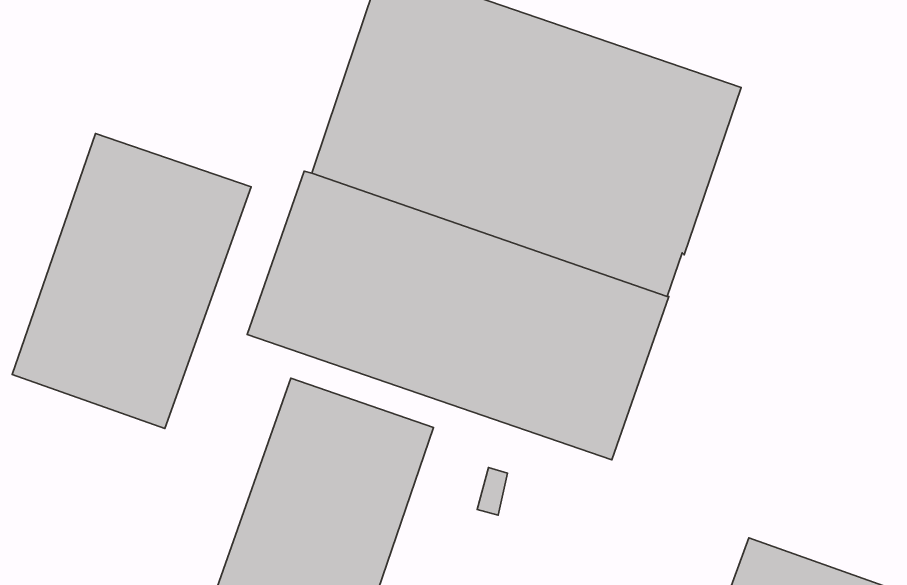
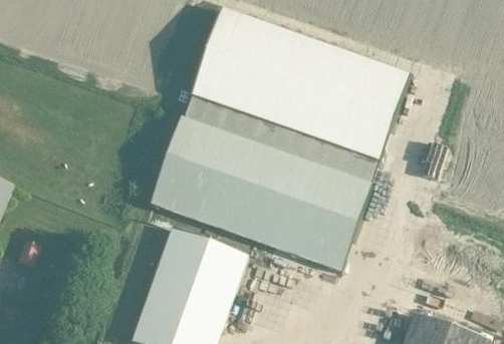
building: [12,133,251,429] -> none

